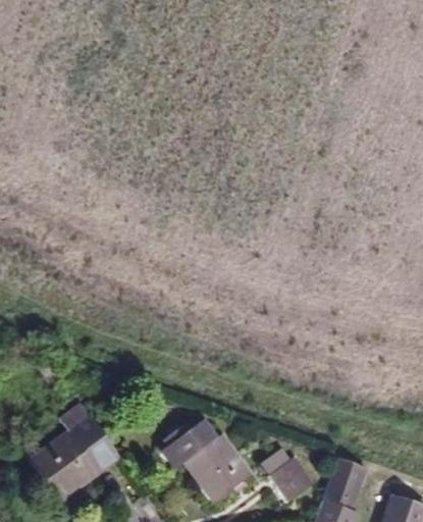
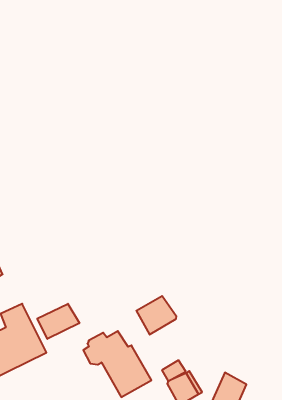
building: none -> [136,296,176,335]
building: none -> [37,304,79,339]

